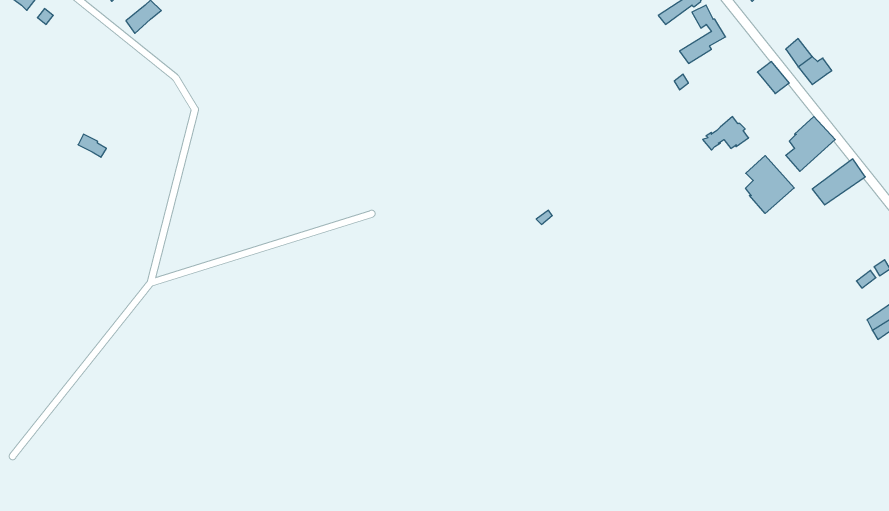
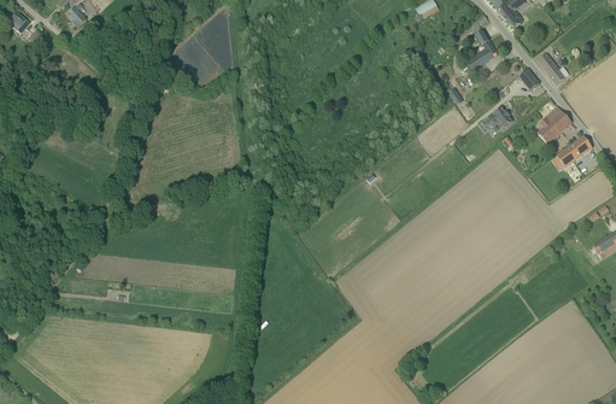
building: [746,156,794,213] -> none

